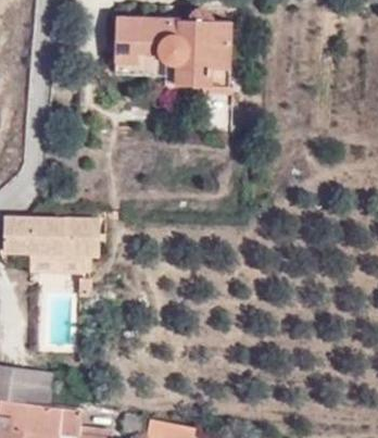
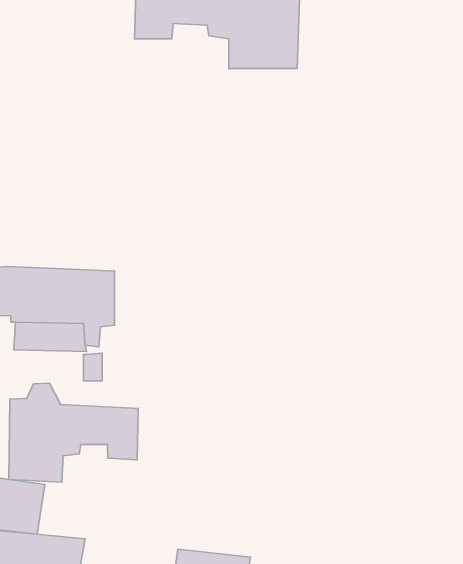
building: none -> [9,383,138,482]

